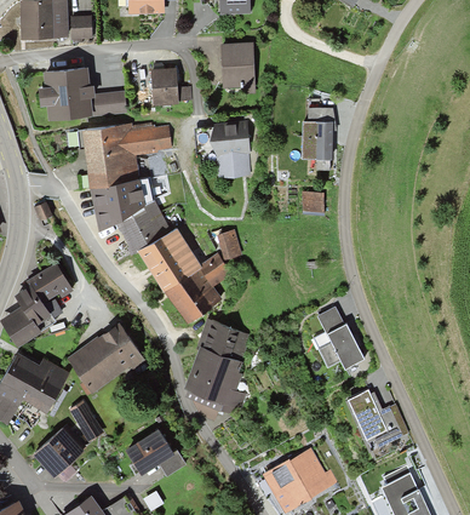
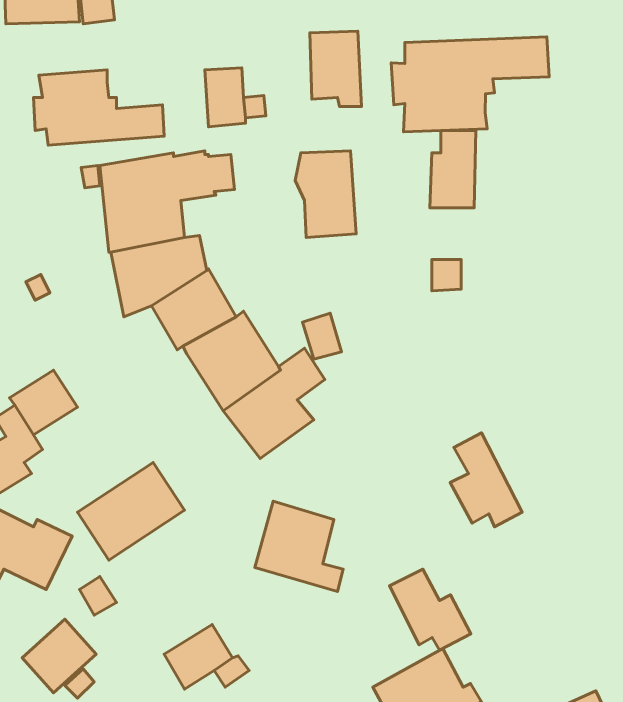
building: none -> [391,37,549,132]
building: [197,319,247,364] -> none
building: [346,391,400,445] -> [390,569,471,650]

